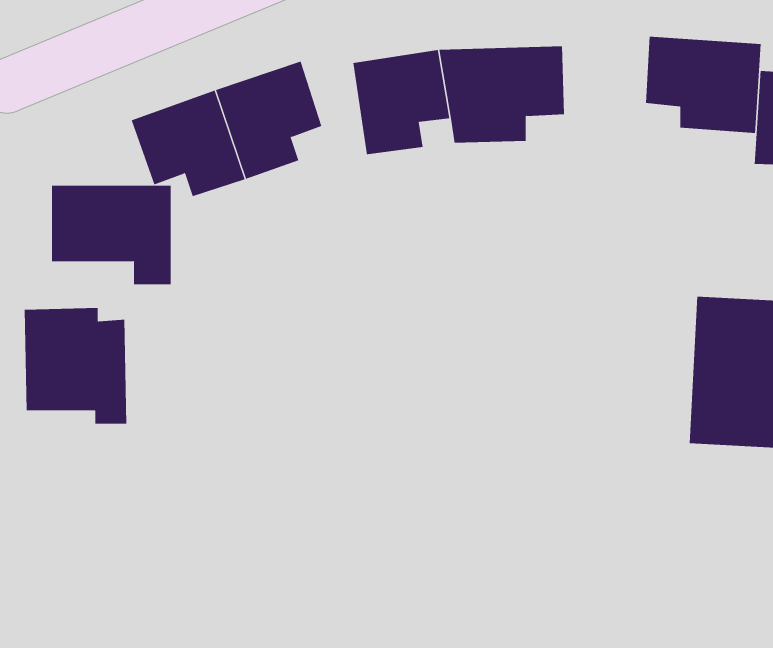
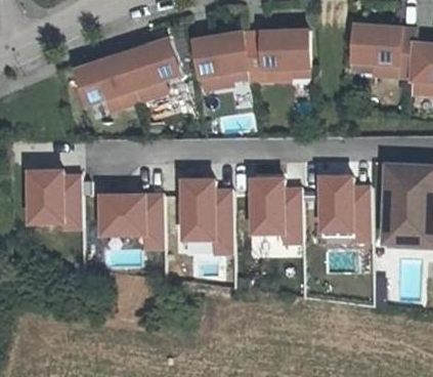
building: [51,185,171,285] -> [98,195,163,248]
building: none -> [317,176,373,239]
building: none -> [248,178,303,241]
building: none -> [178,179,231,254]

